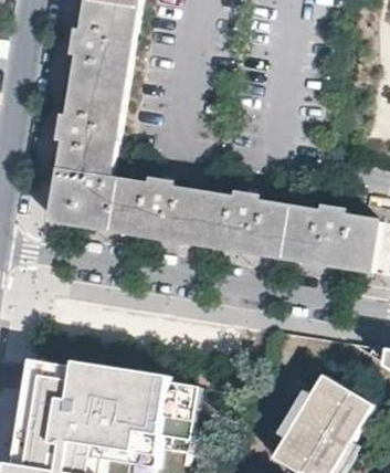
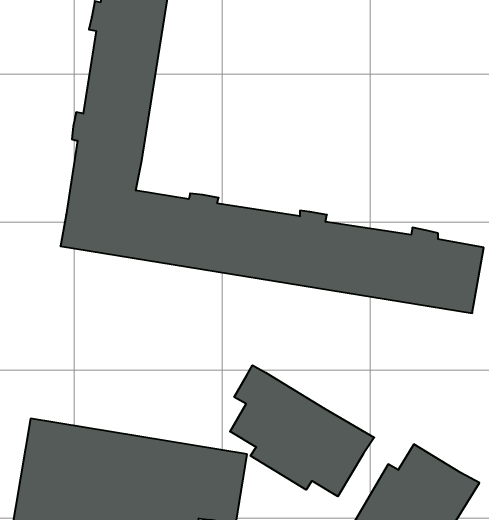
building: none -> [230,365,374,496]

